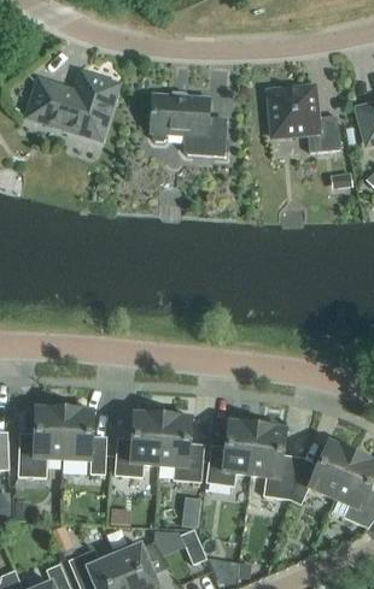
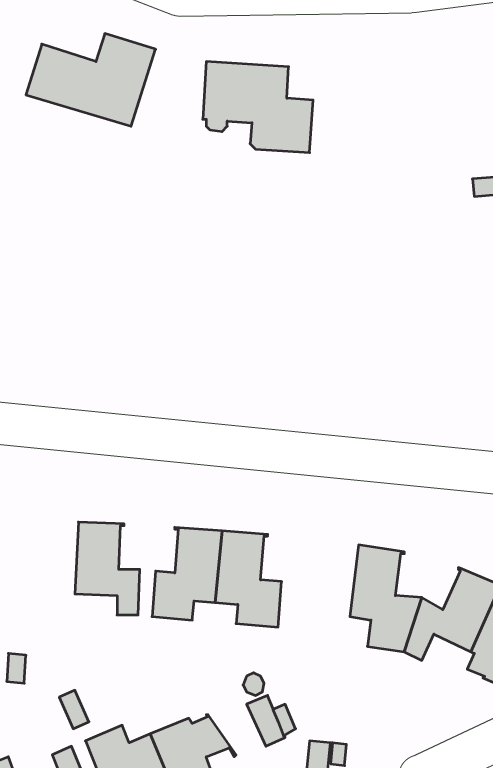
building: [267,87,340,152] -> none
building: [18,408,64,477] -> none
building: [205,422,257,485] -> none

